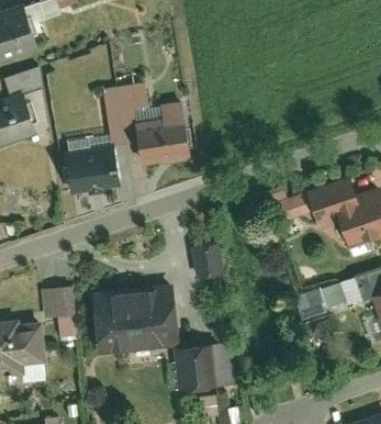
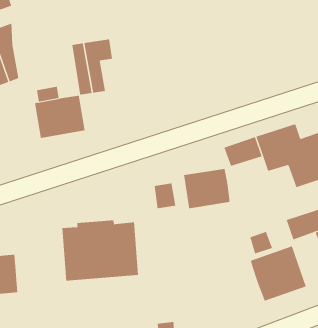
building: [136,102,190,164] -> none
building: none -> [184,168,230,209]
building: [42,288,76,320] -> none
building: none -> [250,246,306,302]
building: [173,342,239,391] -> none

